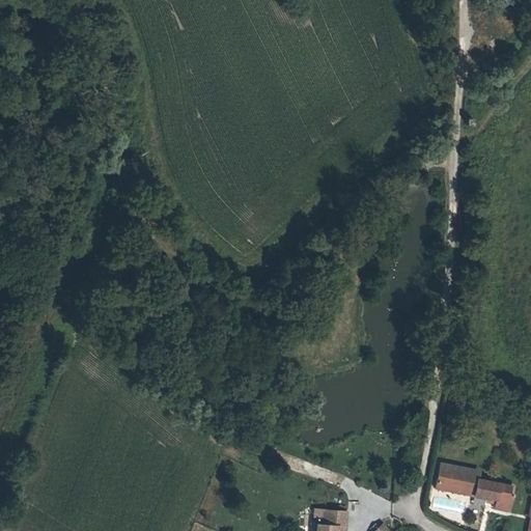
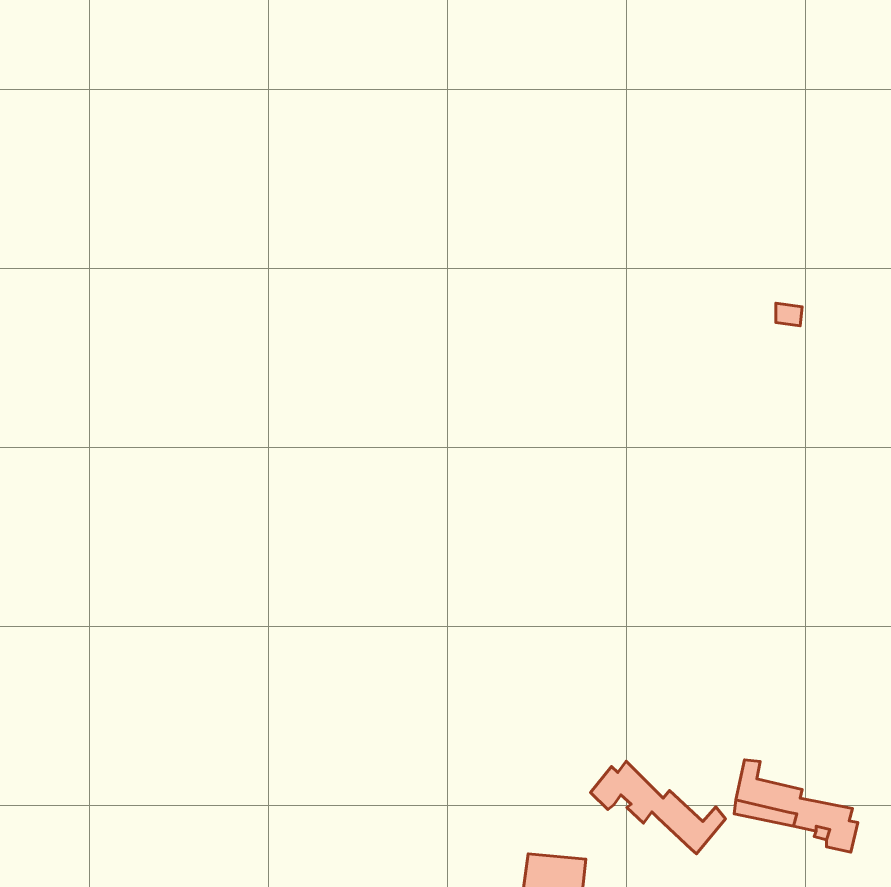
building: none -> [590,761,726,854]

